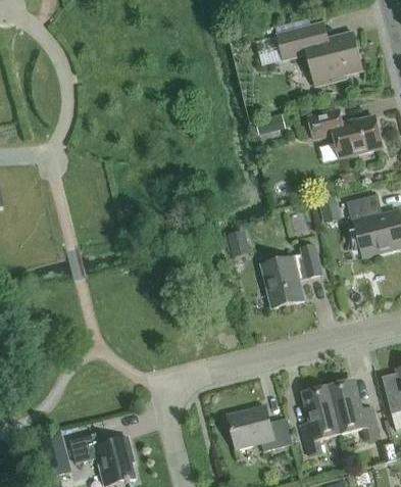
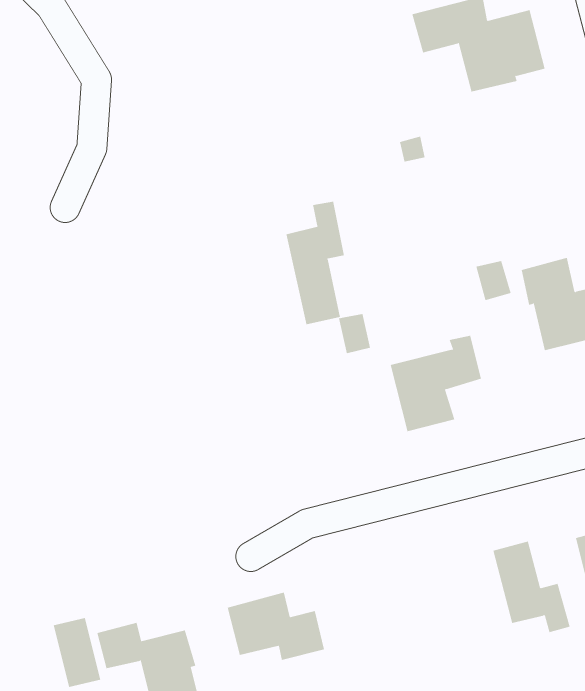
building: [308,108,383,157] -> none
building: none -> [286,201,345,325]
building: [300,385,341,453] -> none
building: [228,405,292,450] -> [227,592,325,660]

